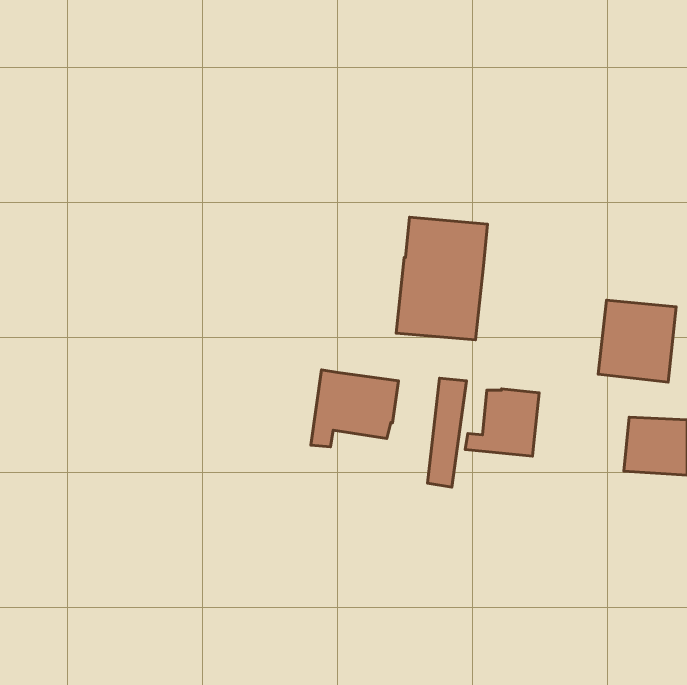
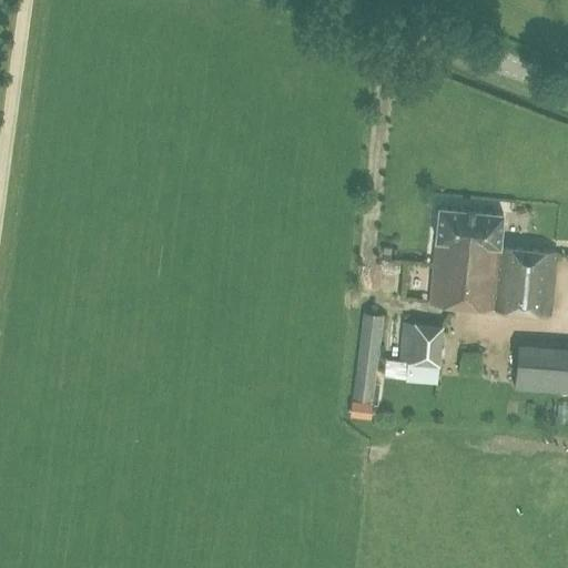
building: [396,217,488,340] -> [428,210,504,311]
building: [311,370,398,447] -> none

